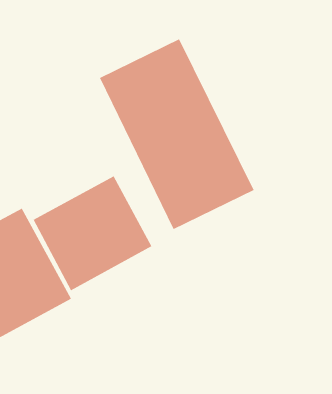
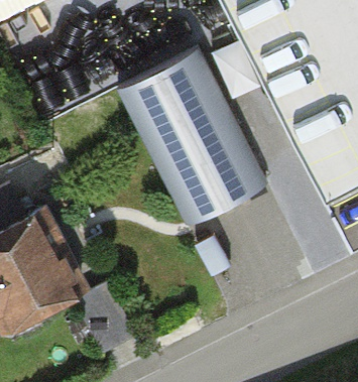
building: [33,176,152,291] -> none

